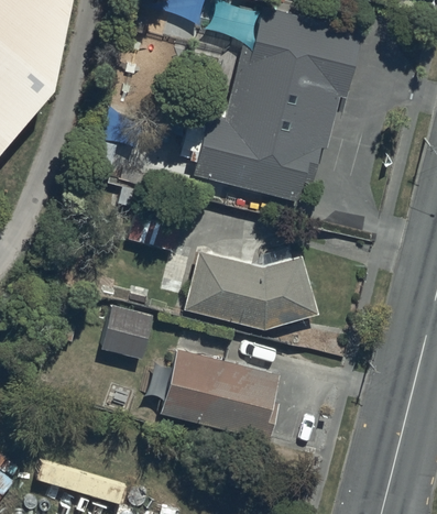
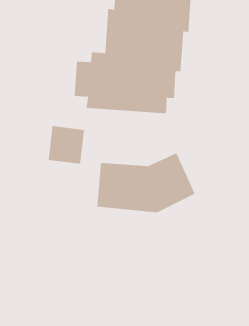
building: [100,304,153,358] -> none
building: [161,349,281,444] -> none

